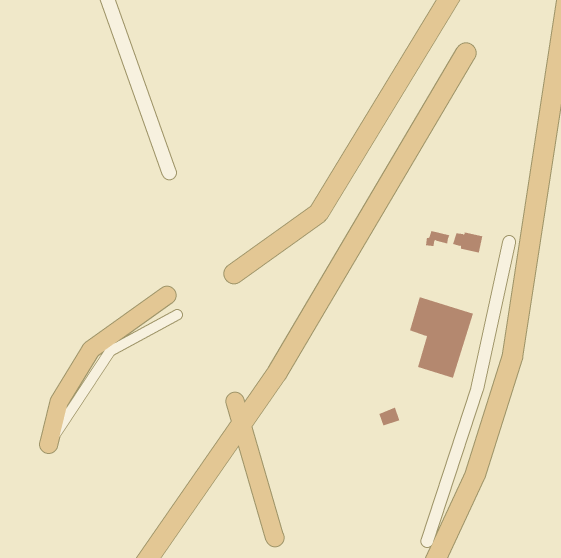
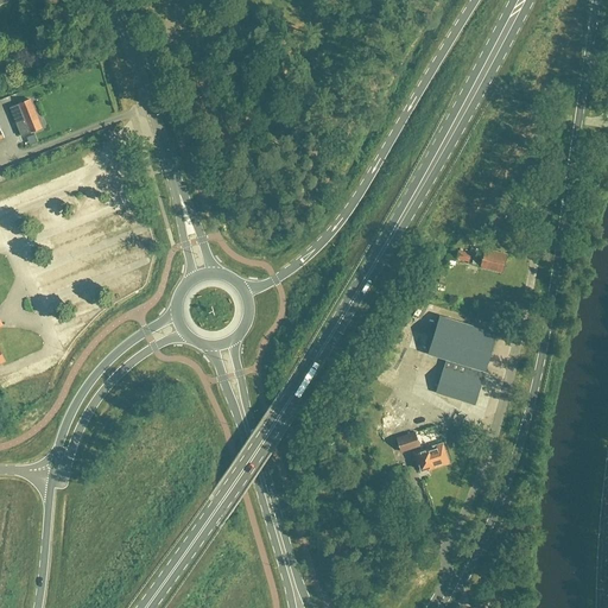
building: none -> [10,100,42,135]
building: none -> [414,444,449,473]

